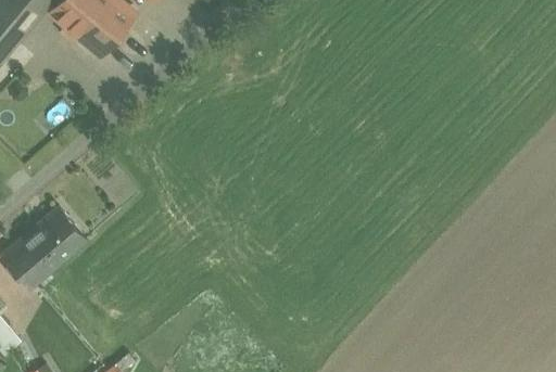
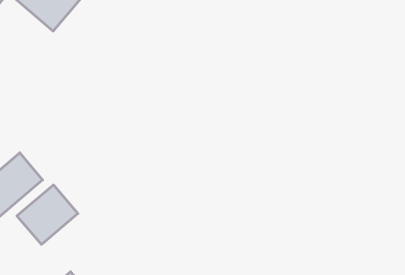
building: none -> [17,185,78,244]

